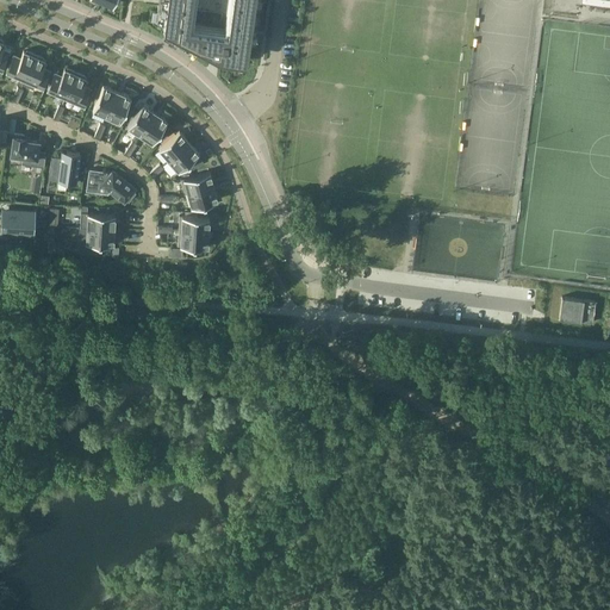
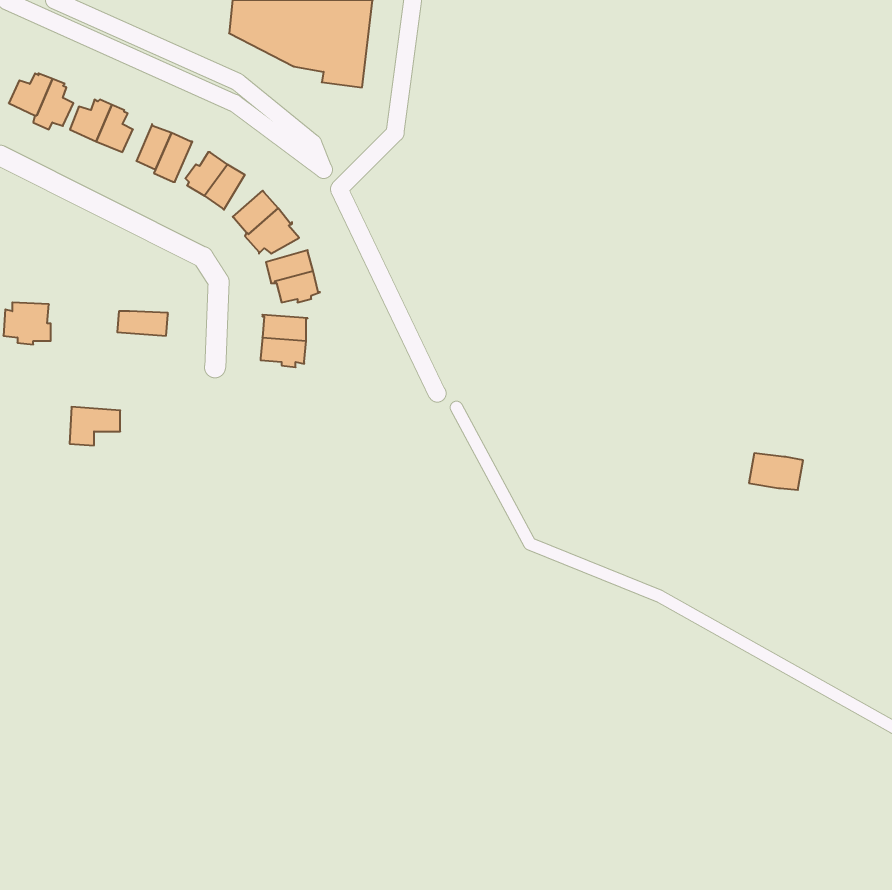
building: [12,136,46,168] -> none
building: [50,151,82,185] -> none
building: [87,172,137,205] -> none
building: [80,229,114,255] -> [70,407,120,445]
building: [560,299,597,324] -> [749,453,803,490]

